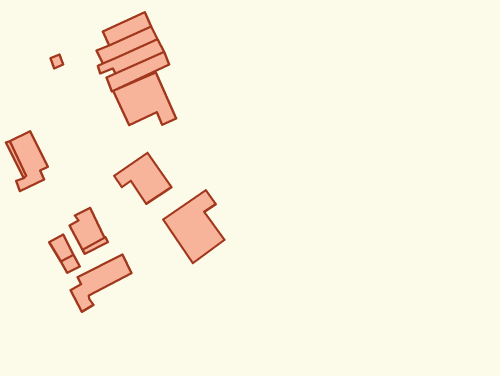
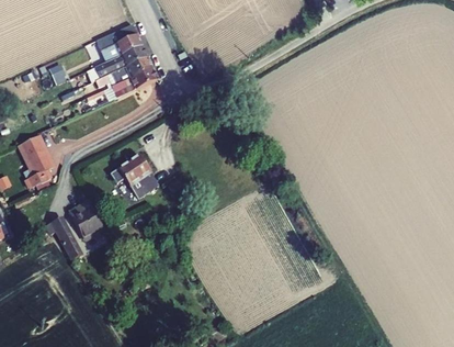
building: [113,72,176,125] -> none
building: [163,190,224,263] -> none
building: [70,255,132,312] -> none

